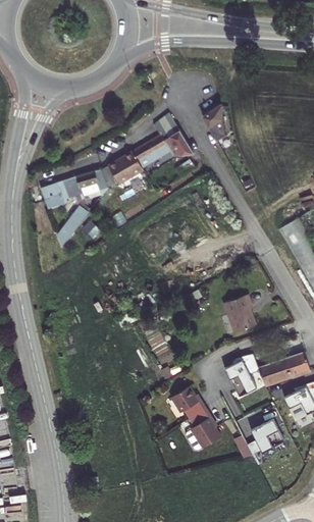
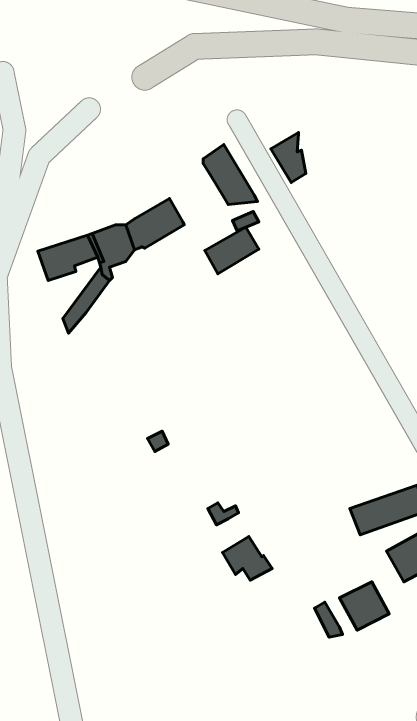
building: [133,135,170,167] -> [205,227,259,274]
building: [223,294,256,332] -> none
building: [224,359,257,397] -> none
building: [189,409,216,445] -> none

